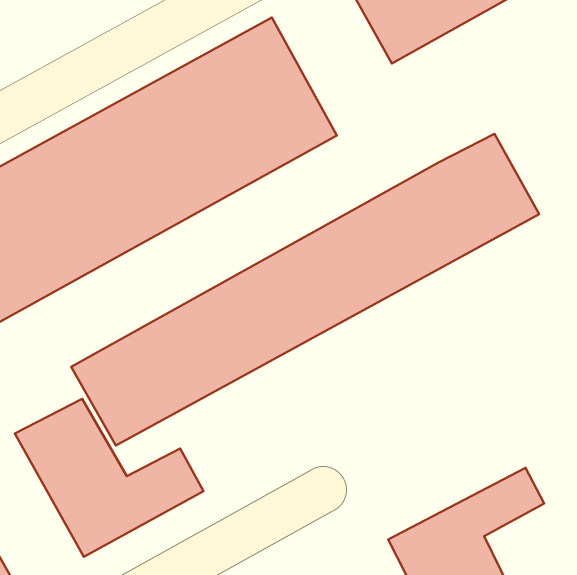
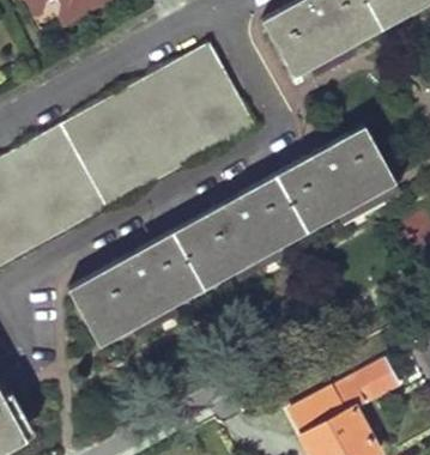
building: [15,399,204,557] -> none

